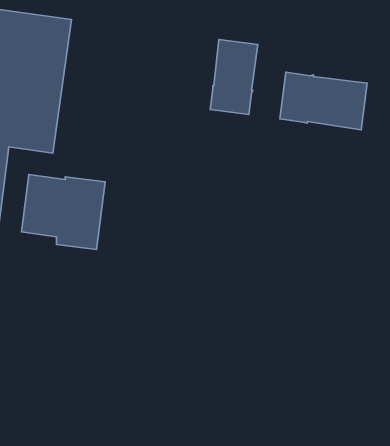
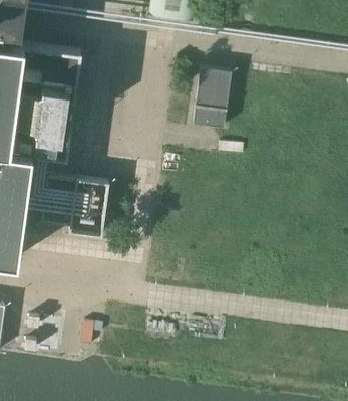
building: [280,72,367,130] -> none

